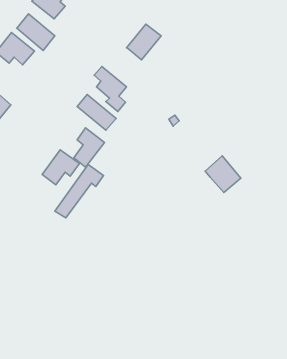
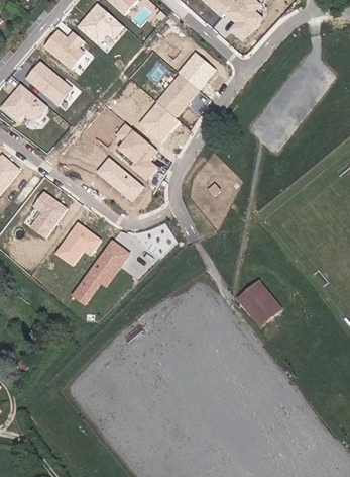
building: none -> [179,52,215,88]
building: none -> [138,102,179,142]
building: [74,128,104,167] -> [29,192,66,239]
building: [205,156,241,192] -> [237,280,279,323]

